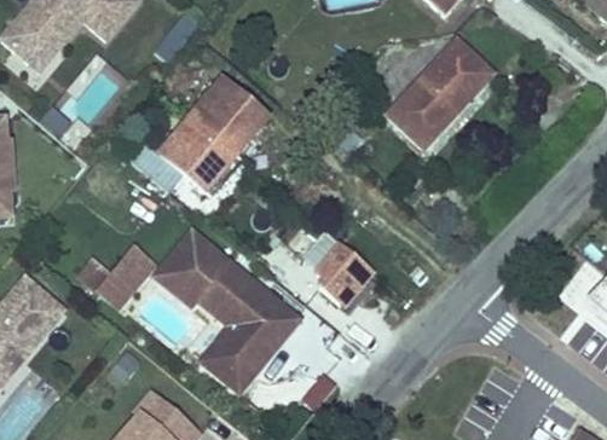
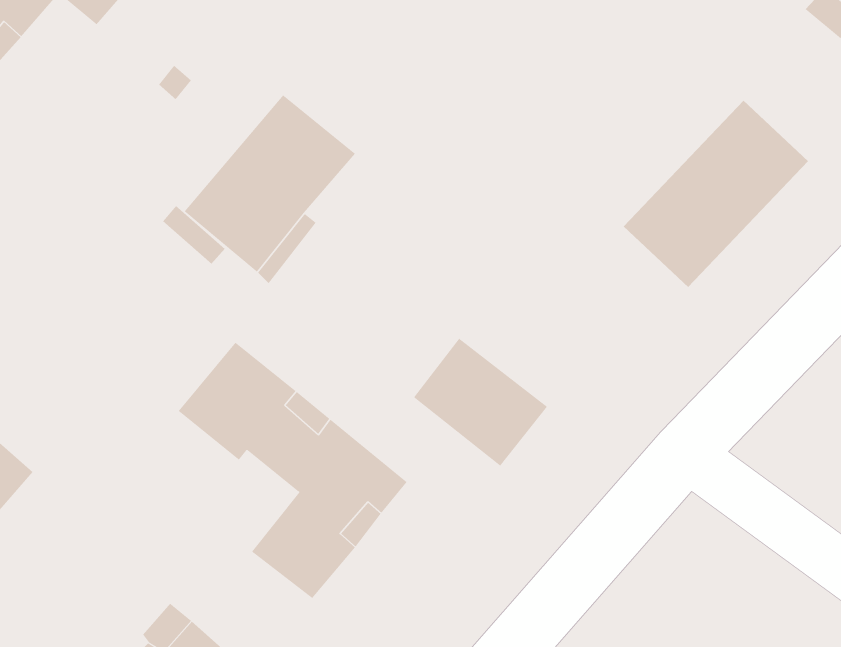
building: [387,30,501,145] -> [623,100,809,288]
building: [77,245,161,313] -> none

